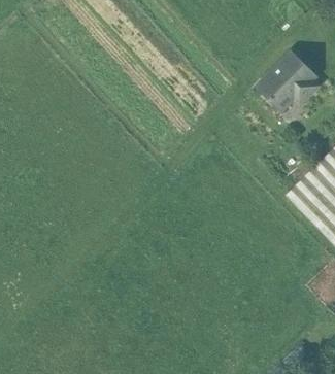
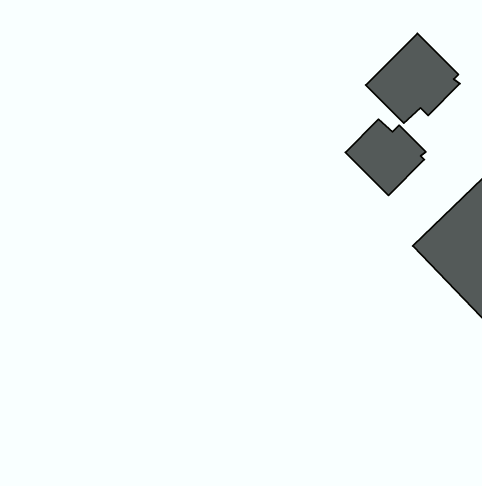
building: none -> [345,119,426,195]

